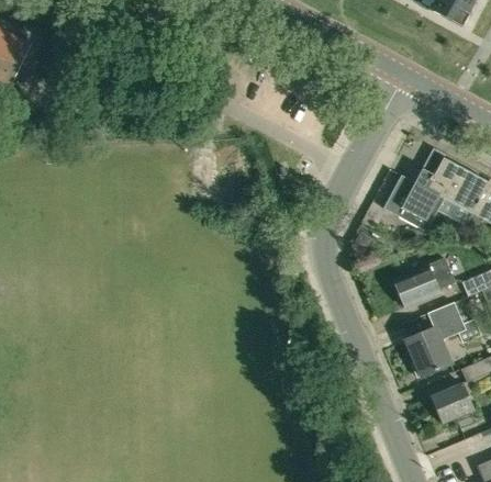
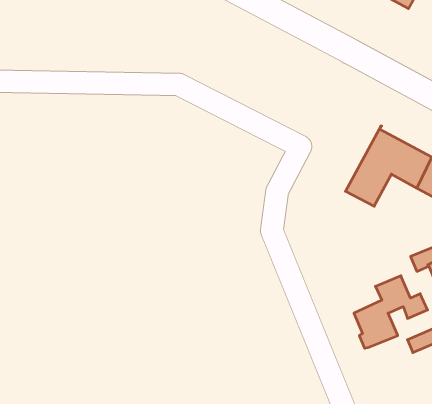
building: [393,257,454,307] -> none
building: [429,382,473,423] -> none

